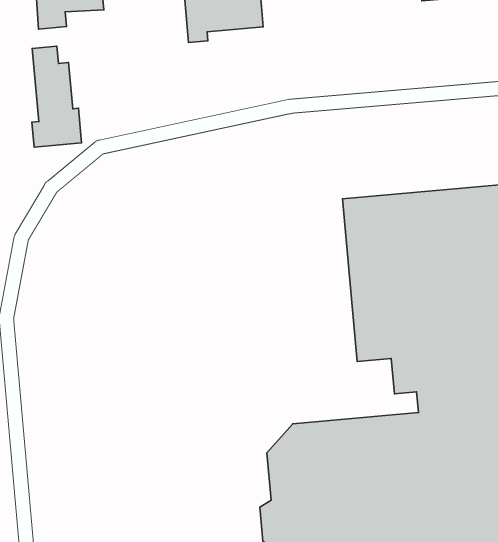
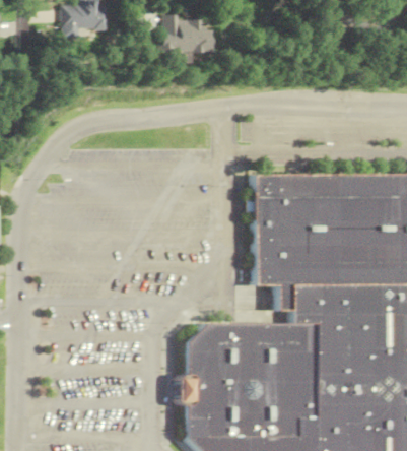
building: [32,46,81,147] -> none

